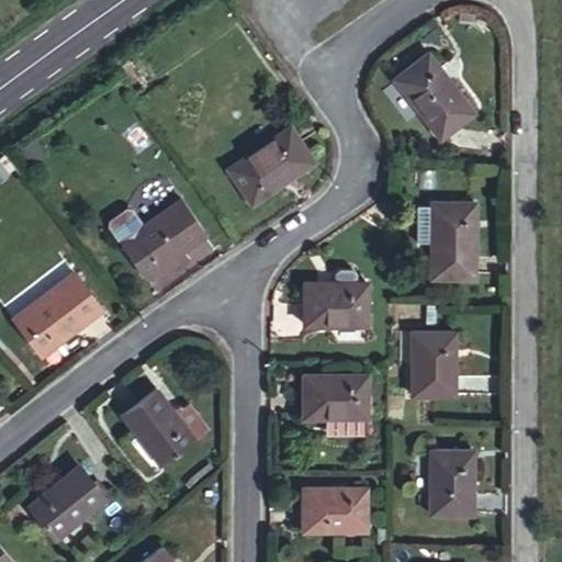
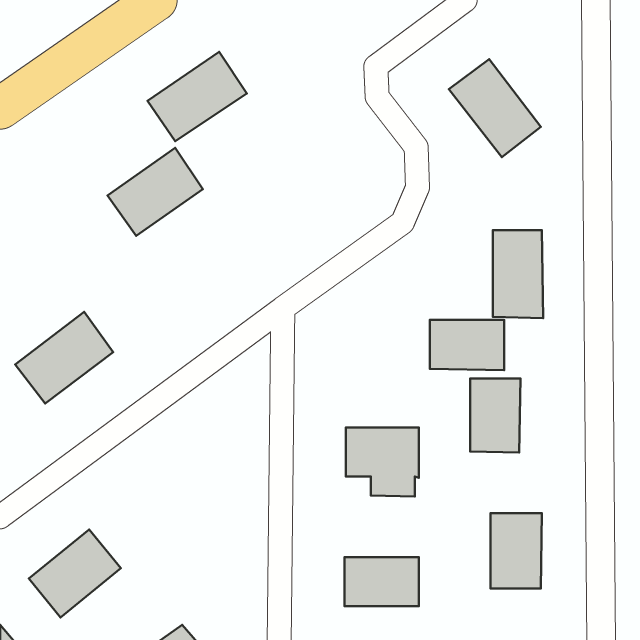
building: [228,126,315,204] -> [148,52,247,141]
building: [122,200,205,277] -> [107,148,203,236]
building: [304,283,369,327] -> [430,320,504,370]
building: [123,390,195,467] -> none

